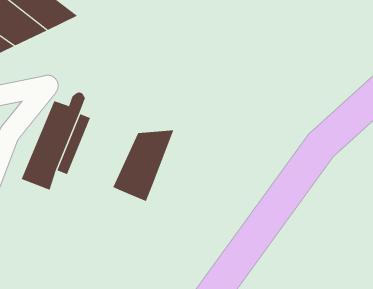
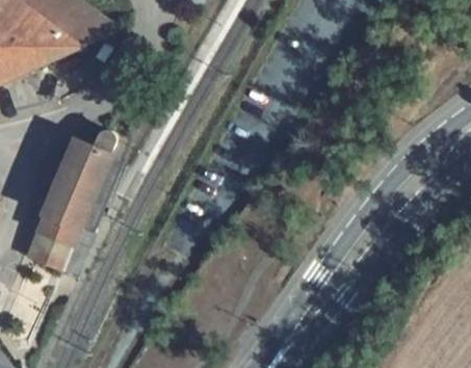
building: [112,130,174,202] -> none
building: none -> [26,231,70,267]

